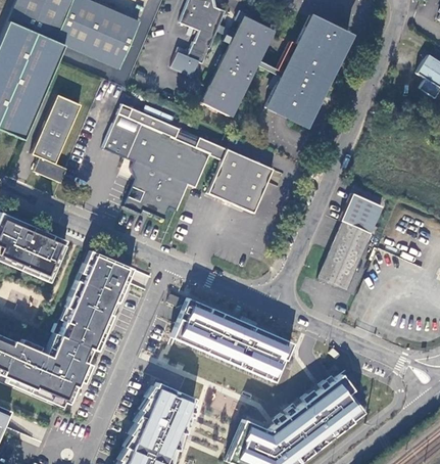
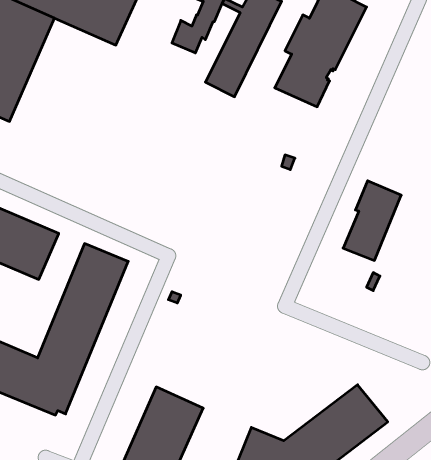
building: [32,94,81,182] -> none
building: [103,103,273,218] -> none
building: [319,254,356,290] -> none
building: [172,297,296,383] -> none

